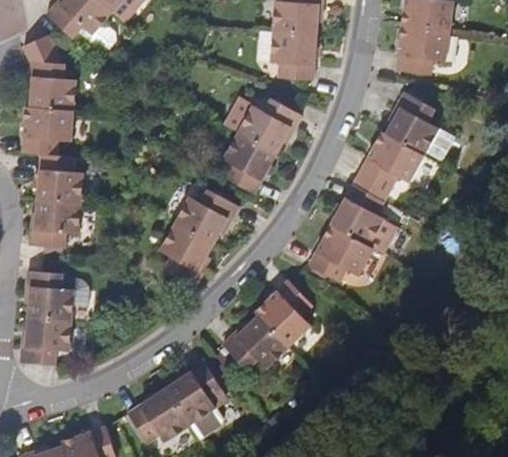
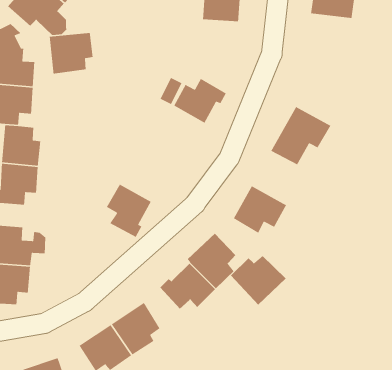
building: [395,23,449,75] -> none
building: [271,30,316,80] -> none
building: none -> [49,32,93,74]
building: [386,91,453,159] -> none
building: [223,131,276,193] -> none
building: [331,184,385,245] -> none
building: [176,189,239,243] -> none
building: none -> [230,255,286,305]

